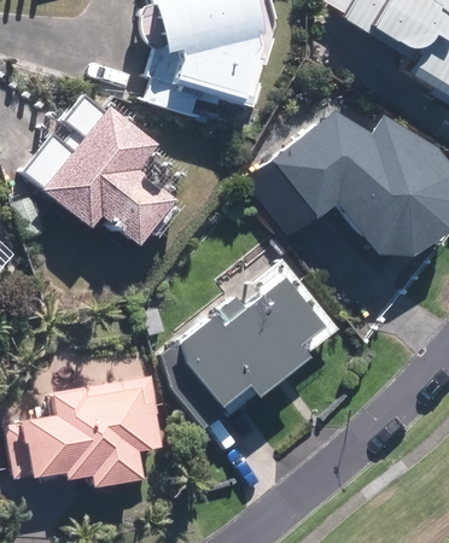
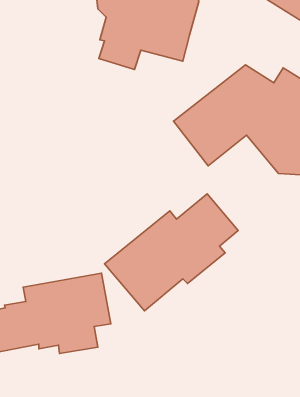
building: [27,98,176,240] -> none

